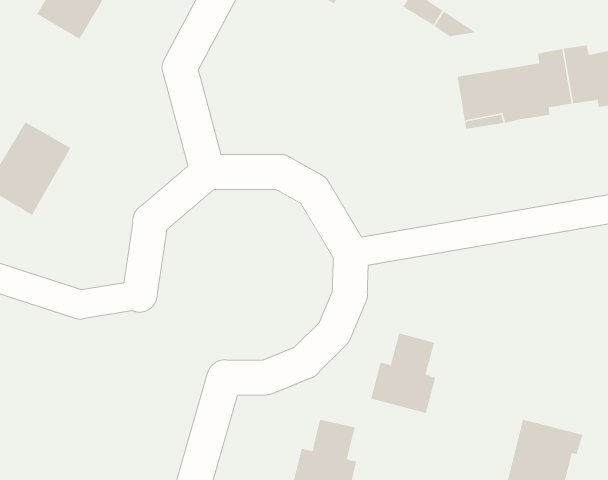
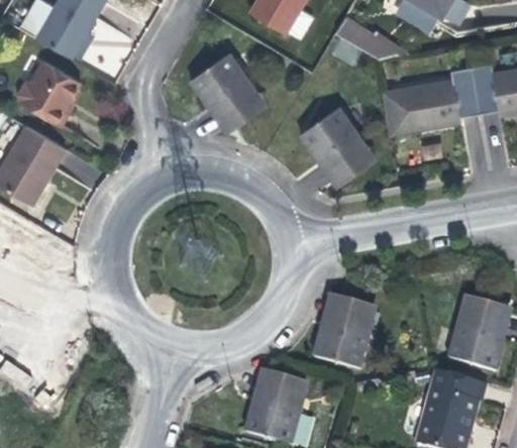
building: none -> [189,49,256,121]
building: none -> [18,59,81,127]
building: none -> [300,105,367,177]
building: none -> [449,307,506,374]

